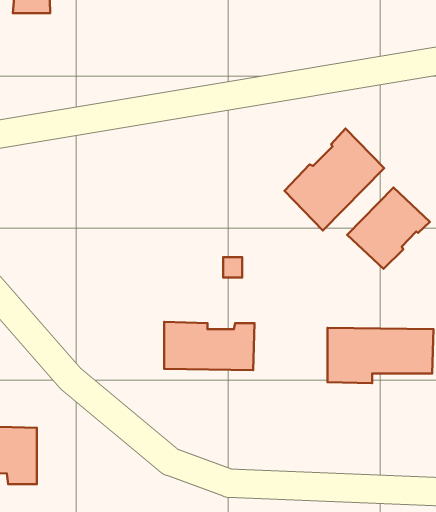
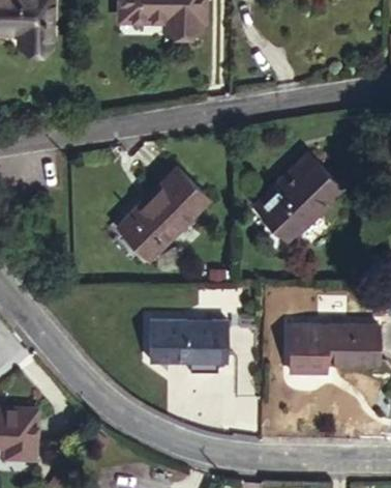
building: none -> [107,168,197,262]
building: [347,188,430,269] -> none

